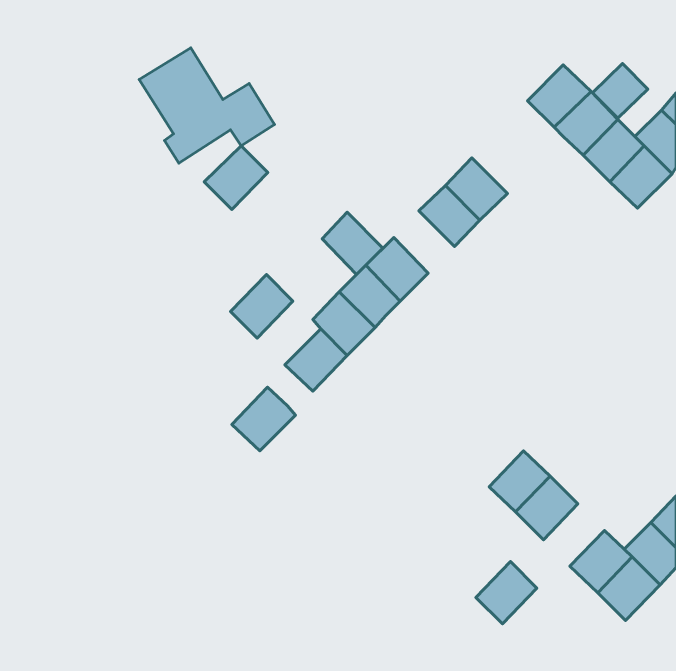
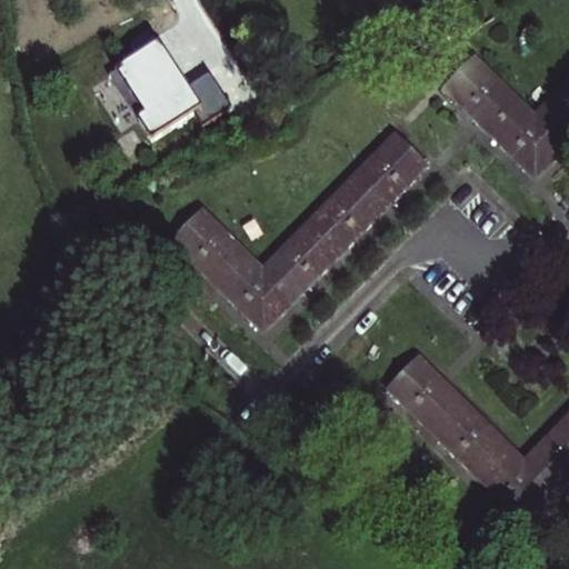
building: [592,64,648,118] -> none
building: [204,146,268,210] -> [170,208,223,261]
building: [322,212,383,275] -> [330,177,381,229]
building: [232,387,295,451] -> [216,252,269,306]
building: none -> [387,356,439,408]
building: [476,562,537,624] -> [456,422,507,475]

